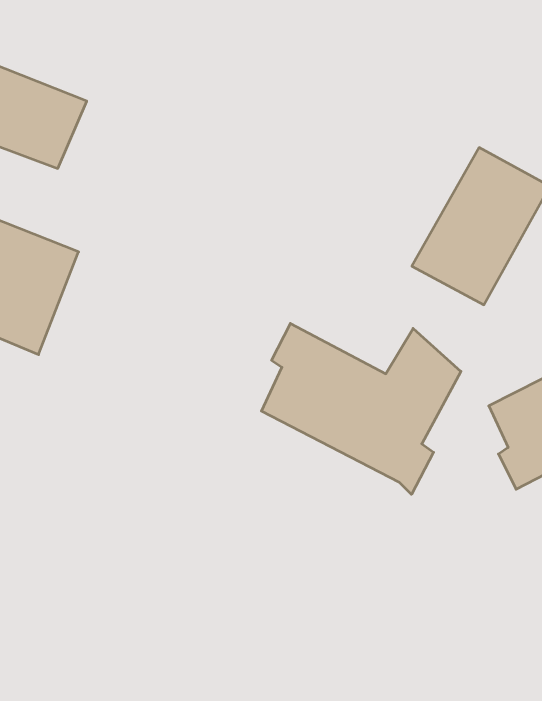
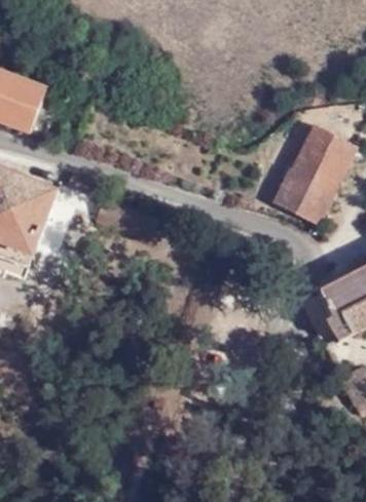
building: [261,323,461,494] -> none

